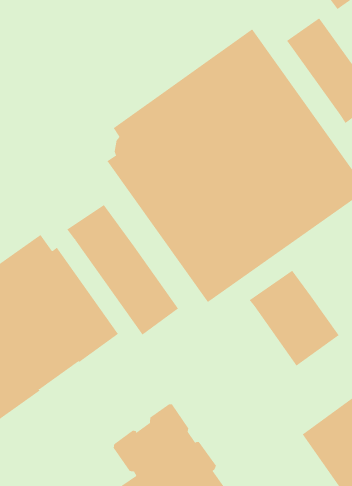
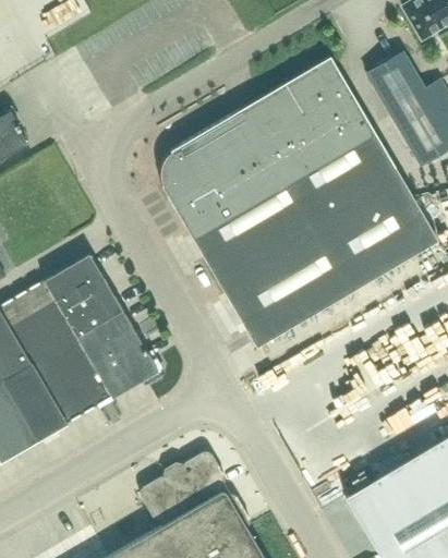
building: [67,204,179,335] -> none
building: [249,270,339,366] -> none

